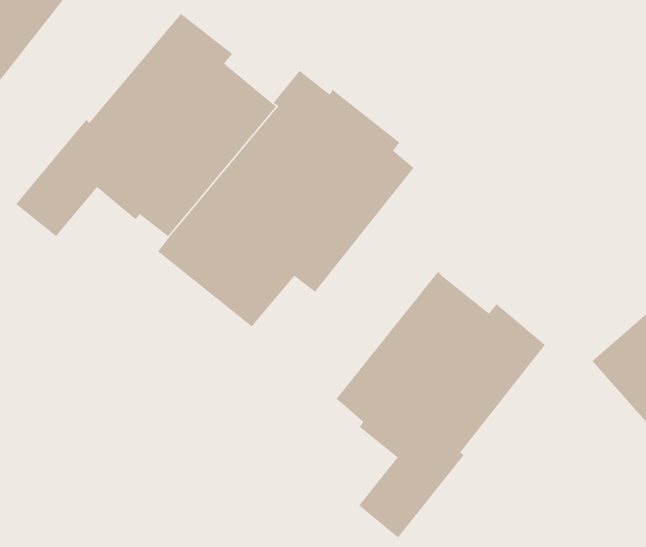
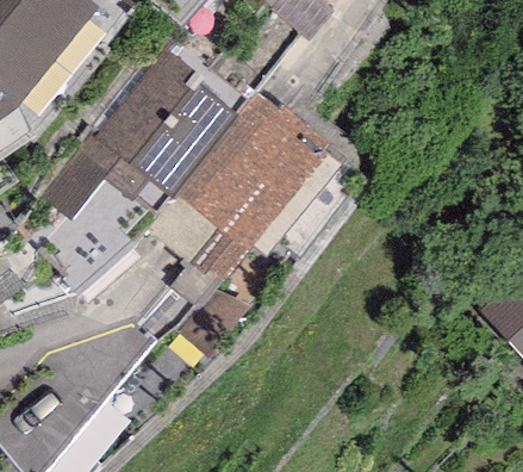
building: [335,271,546,538] -> none

